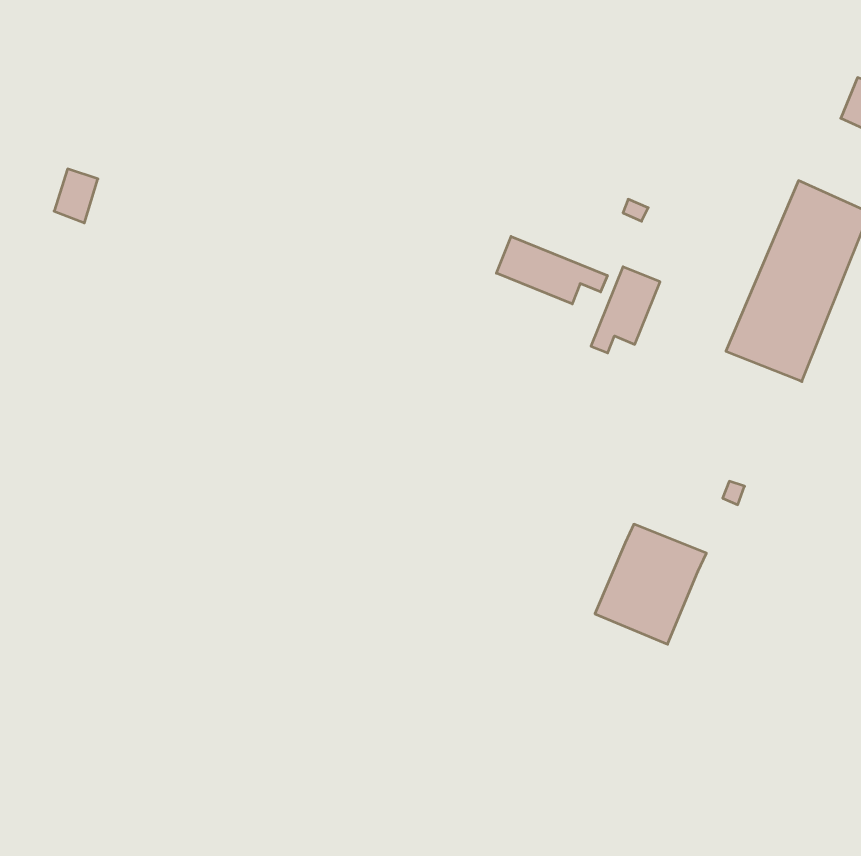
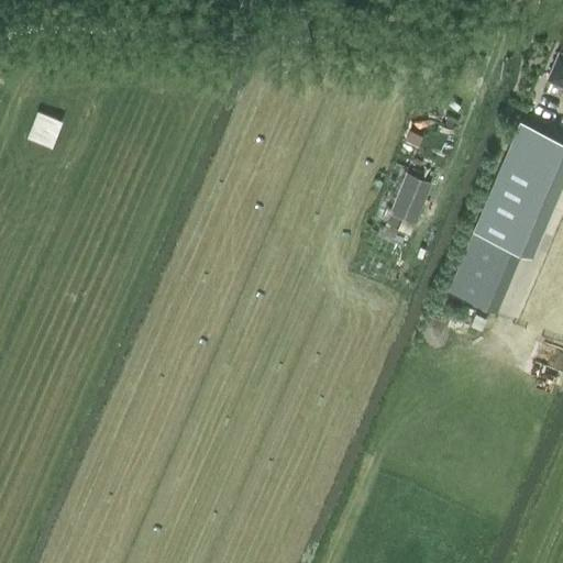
building: [496,236,607,304] -> none
building: [595,524,706,644] -> [449,233,521,311]

